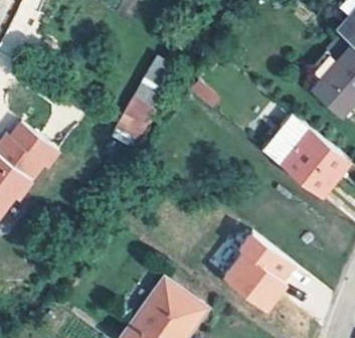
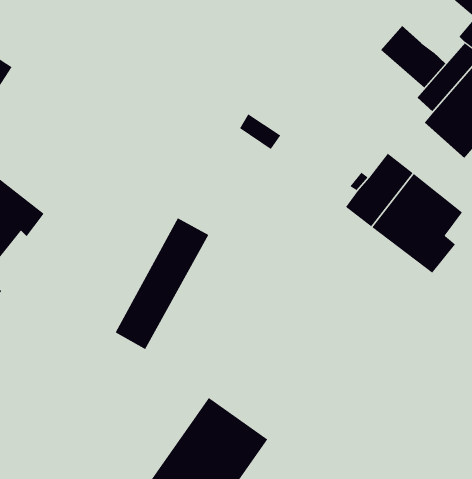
building: none -> [380,25,446,88]
building: [111,58,176,150] -> [115,217,209,350]
building: [217,237,299,317] -> none

